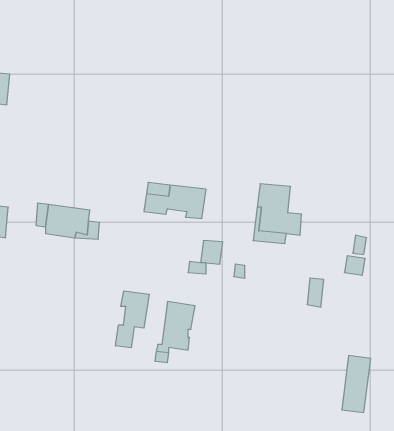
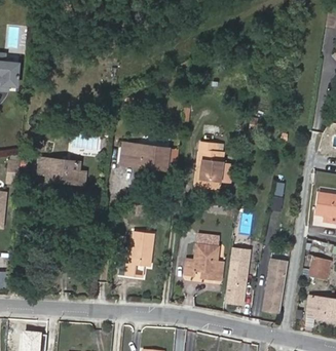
building: [115,291,149,348] -> none
building: none -> [188,244,222,279]
building: none -> [228,247,254,303]

